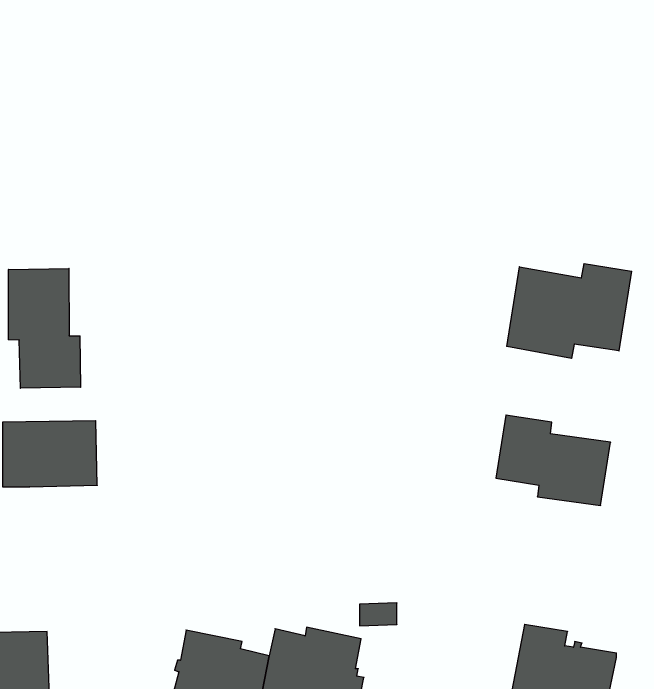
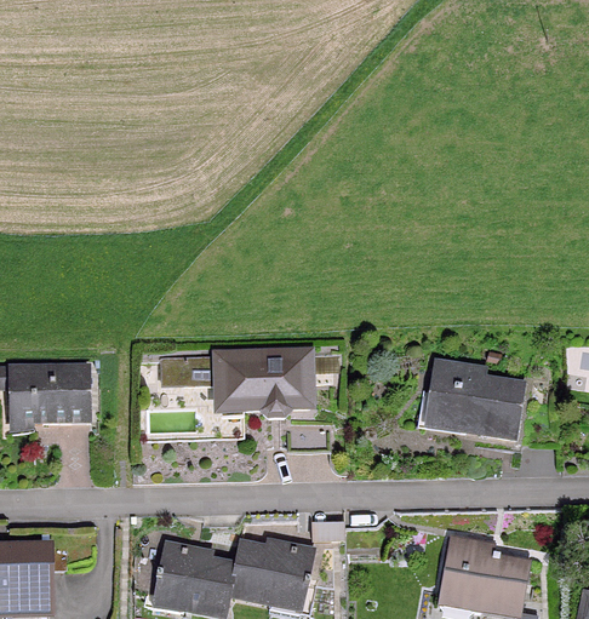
building: [507,264,632,358] -> none
building: [8,268,81,388] -> none
building: none -> [182,353,330,445]

